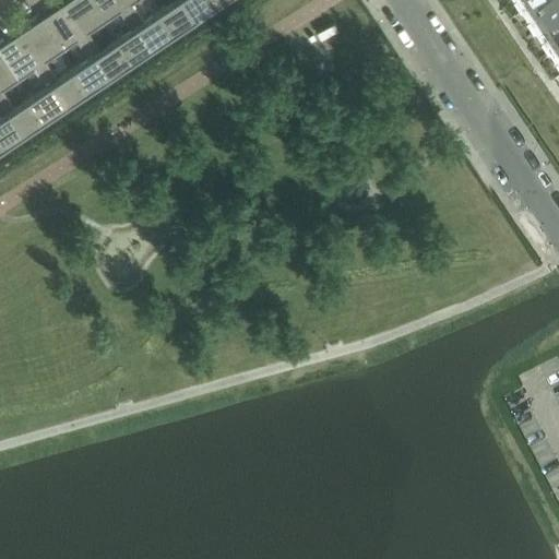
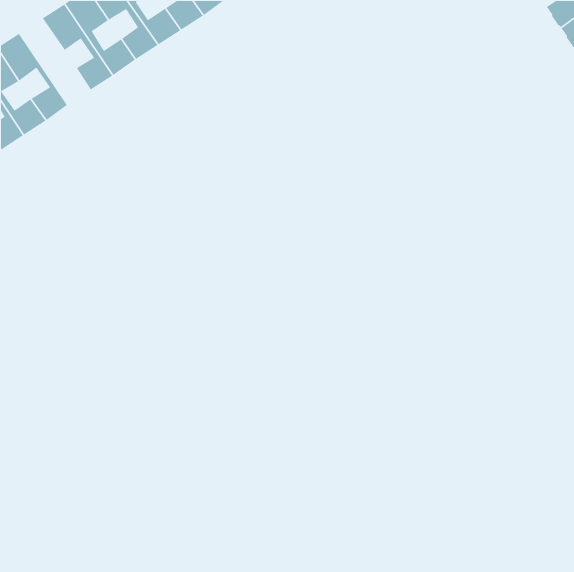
building: [23,23,92,107] -> none

